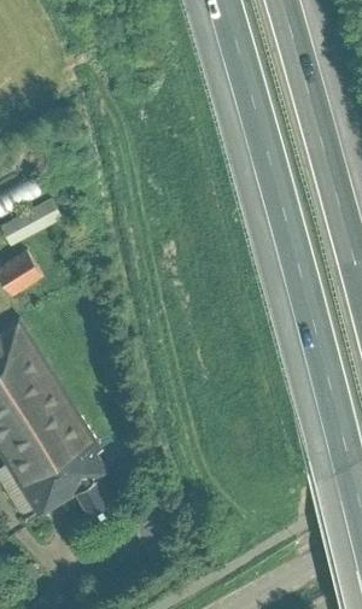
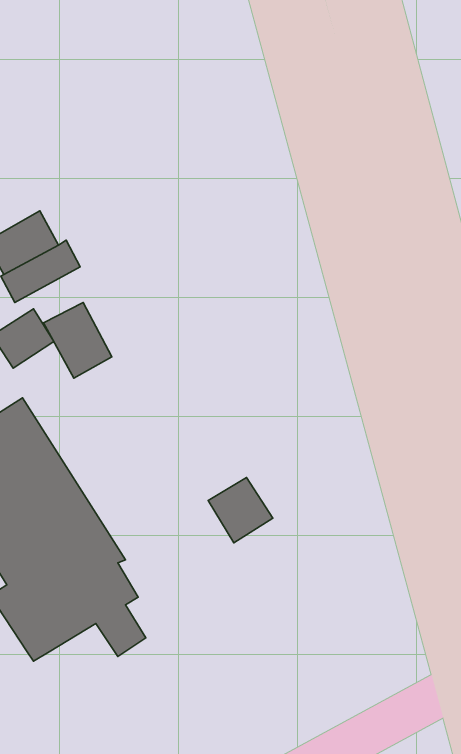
building: none -> [43,302,112,378]
building: none -> [208,478,273,543]

